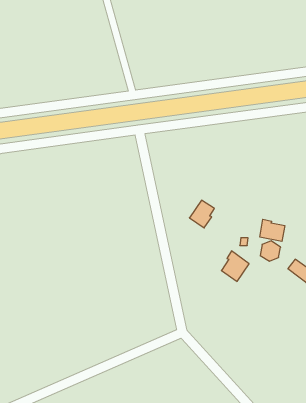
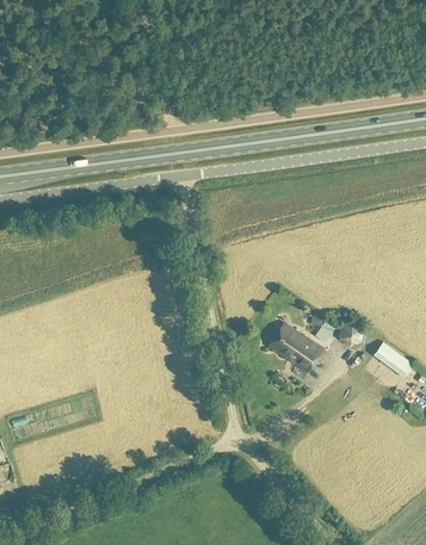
building: [189,200,214,228] -> [267,322,300,358]
building: [260,219,285,241] -> none

